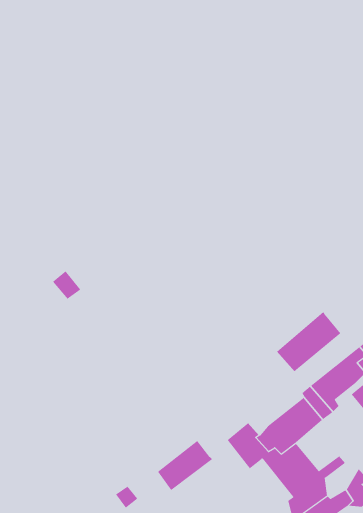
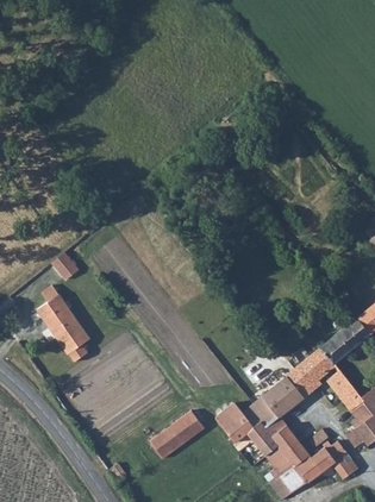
building: none -> [35,290,89,364]
building: [276,311,341,372] -> none

